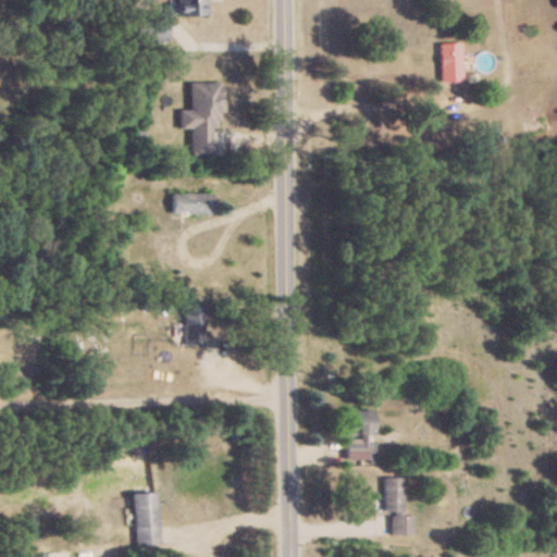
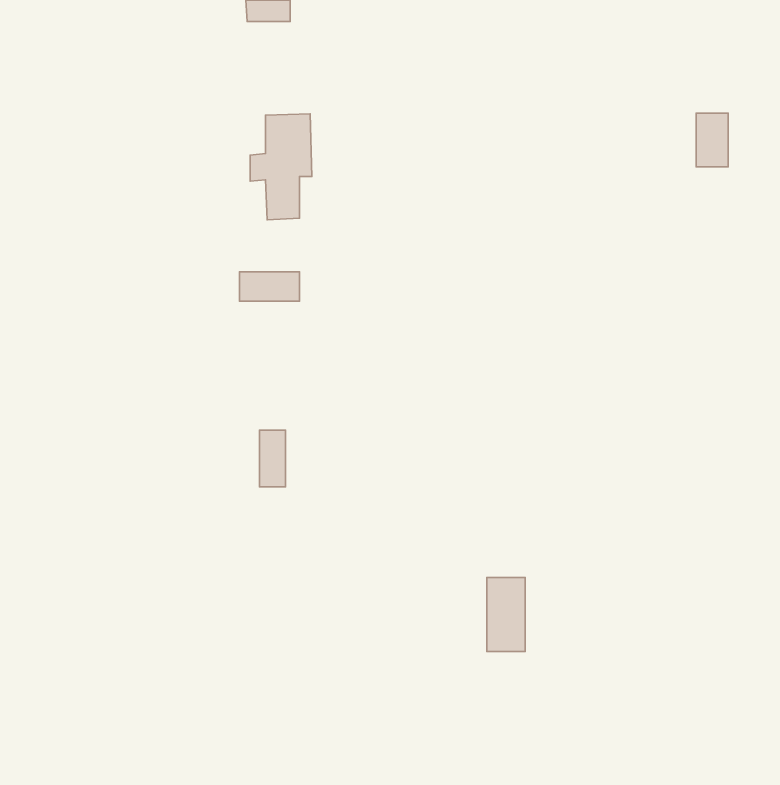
building: [442,42,465,81] -> [696,113,728,167]
building: [384,478,414,534] -> none
building: [134,492,160,546] -> none

